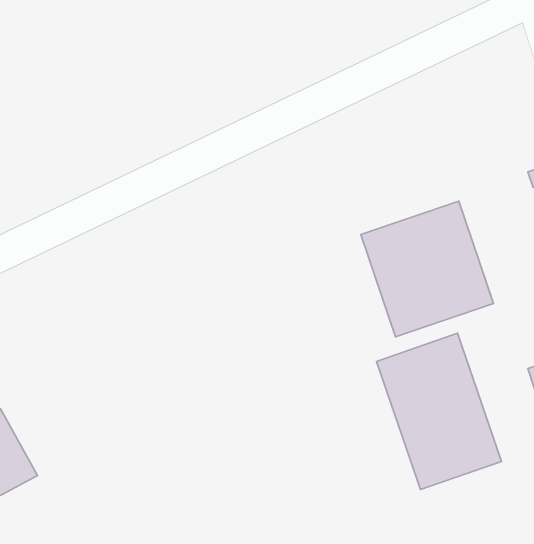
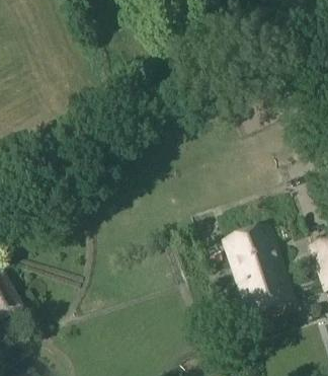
building: [361,201,493,337] -> none

